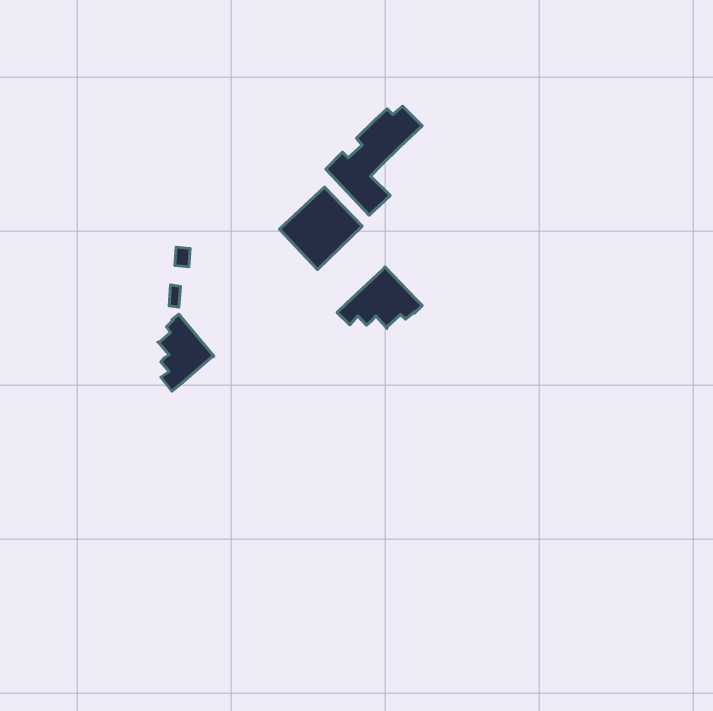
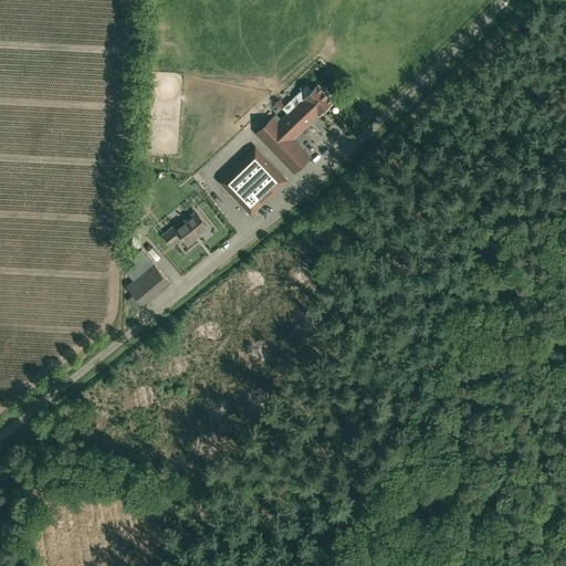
building: [337,267,422,328] -> none
building: none -> [165,213,209,248]

